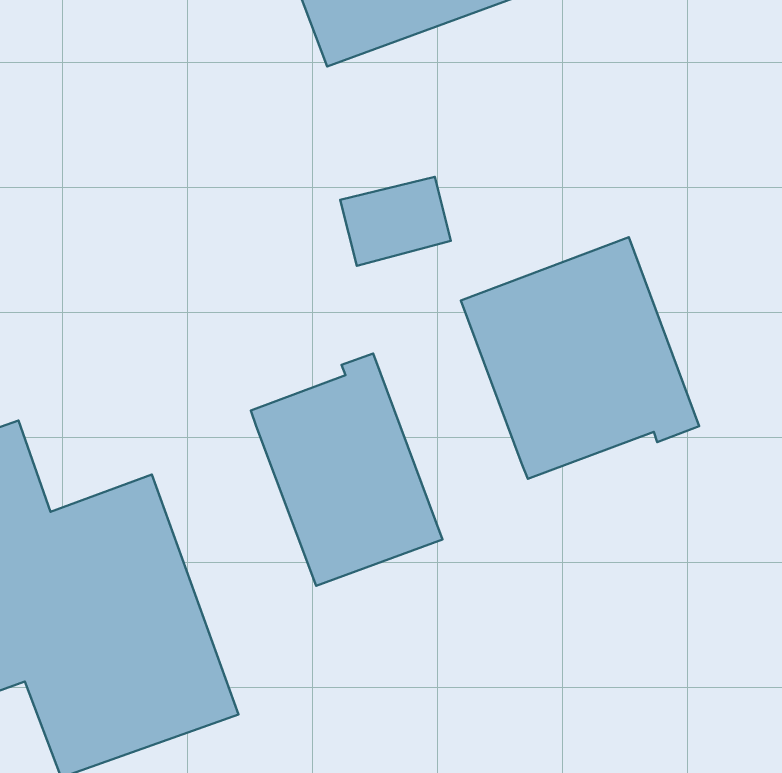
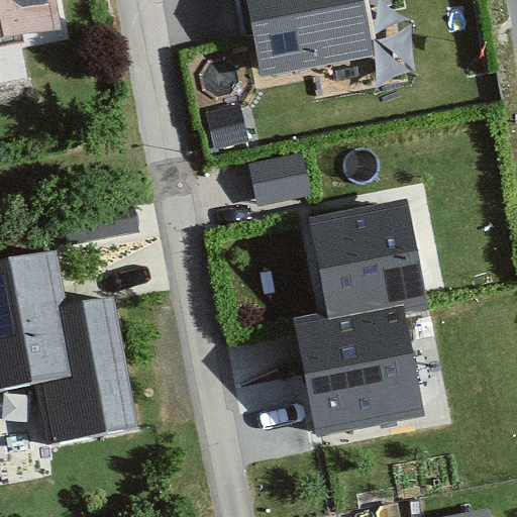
building: [251,354,443,586] -> none
building: none -> [292,309,422,436]

